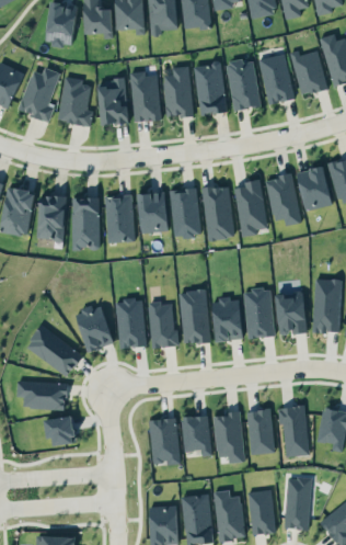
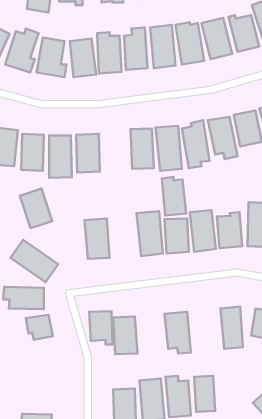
building: [138,192,166,232] -> none
building: [148,300,177,348] -> [162,177,186,215]
building: [74,304,114,352] -> [20,189,52,228]
building: [246,409,275,455] -> none
building: [182,416,210,456] -> [89,311,113,344]
building: [285,477,310,529] -> none

